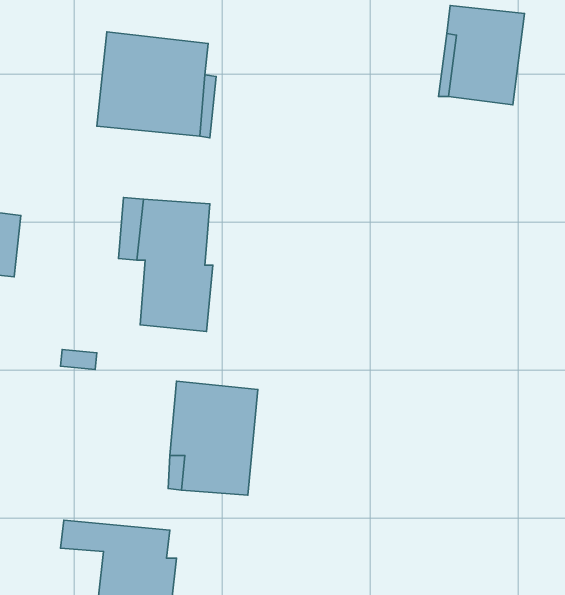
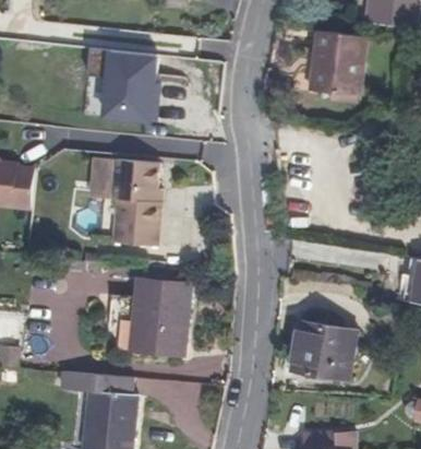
building: none -> [291,320,358,380]

